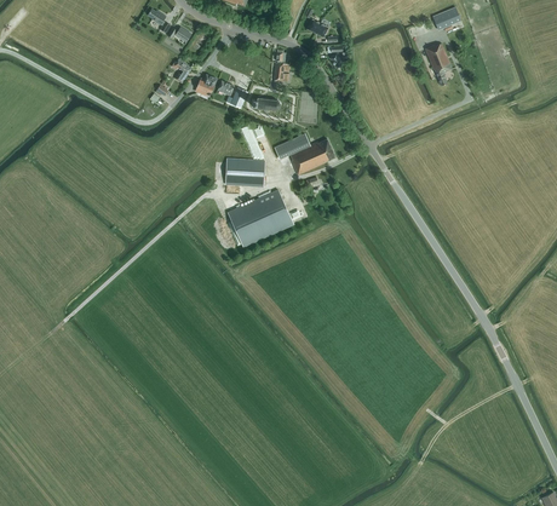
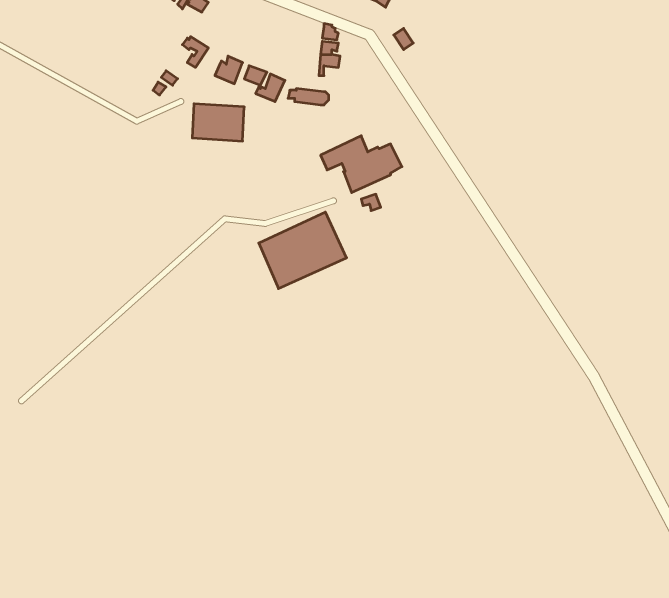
building: [425,44,452,86] -> none
building: [225,159,264,186] -> [192,104,244,141]

